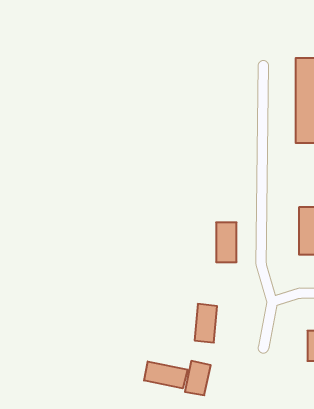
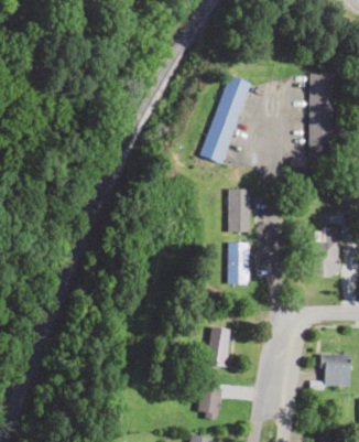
building: none -> [202,75,250,160]
building: none -> [228,190,250,233]
building: [144,361,188,388] -> none

